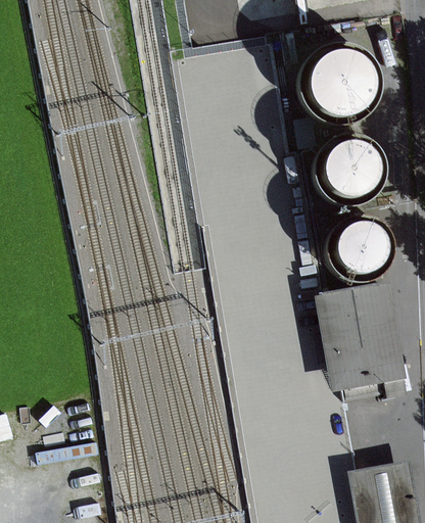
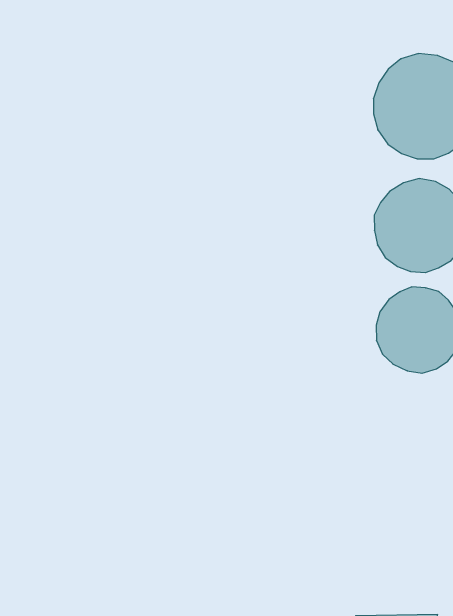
building: [327,284,397,381] -> none

